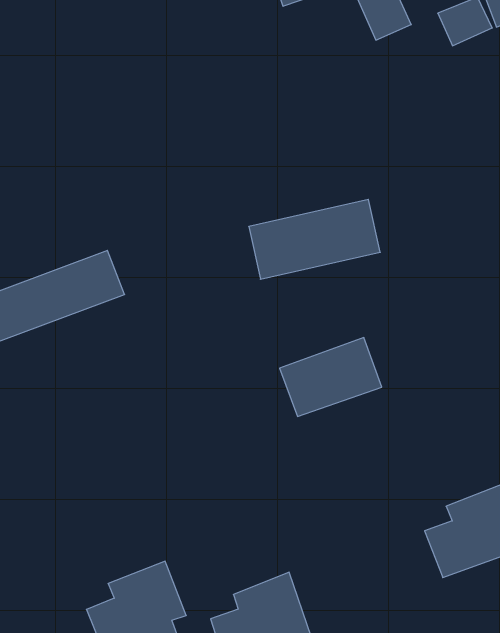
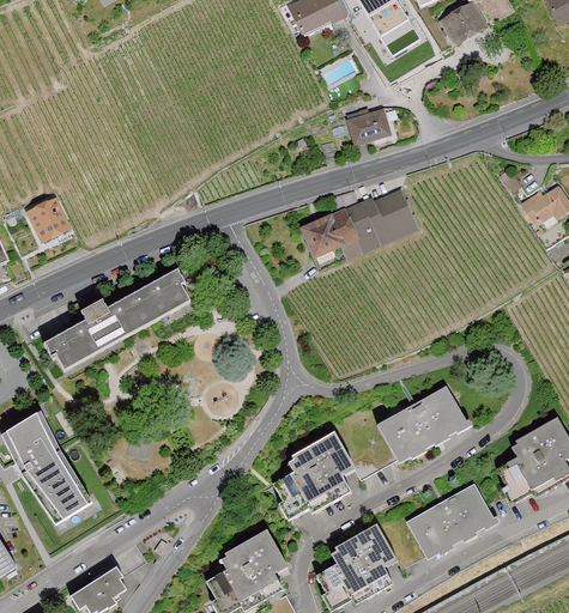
building: none -> [345,109,389,147]
building: [280,338,382,416] -> [377,384,468,461]
building: none -> [274,427,363,515]
building: none -> [407,482,496,558]

